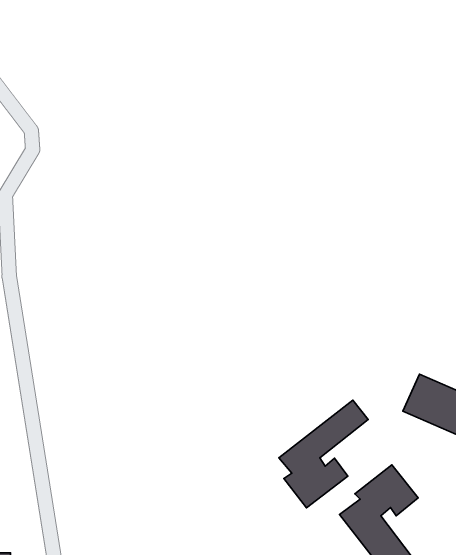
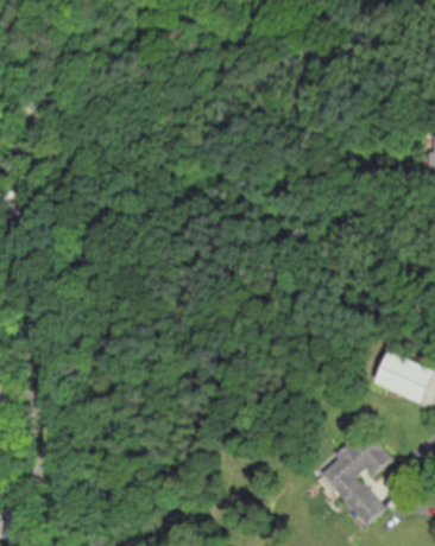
building: [279,400,368,508] -> none

